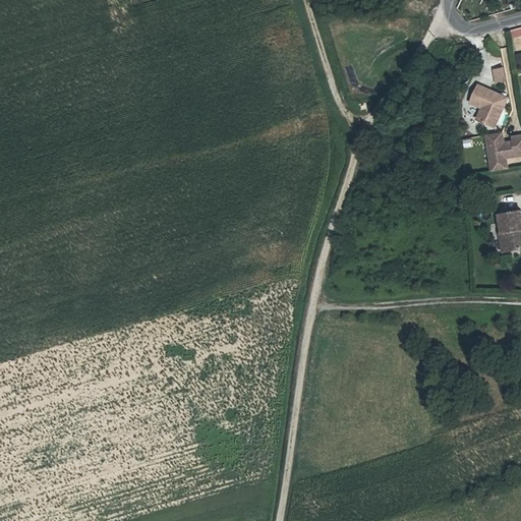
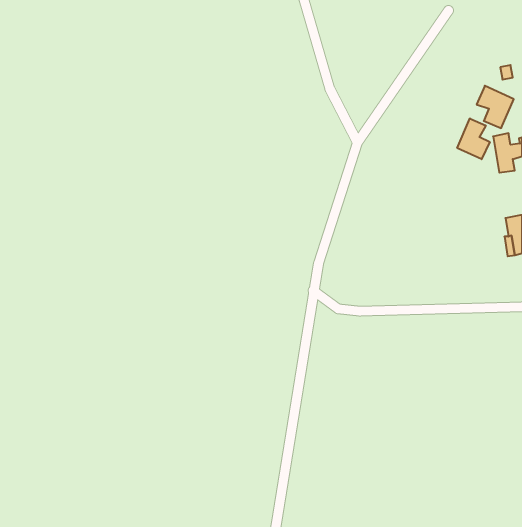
building: none -> [457,118,490,159]

